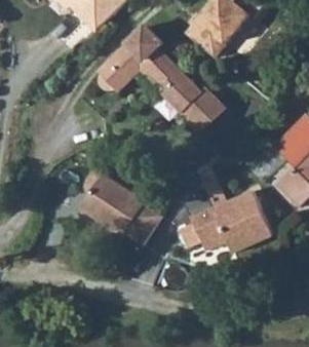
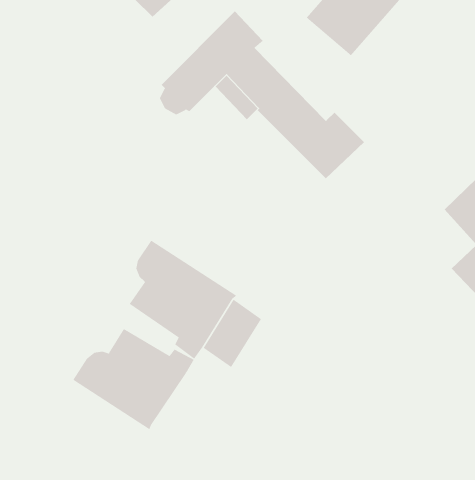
building: [172,163,270,254] -> none
building: none -> [73,328,195,430]

